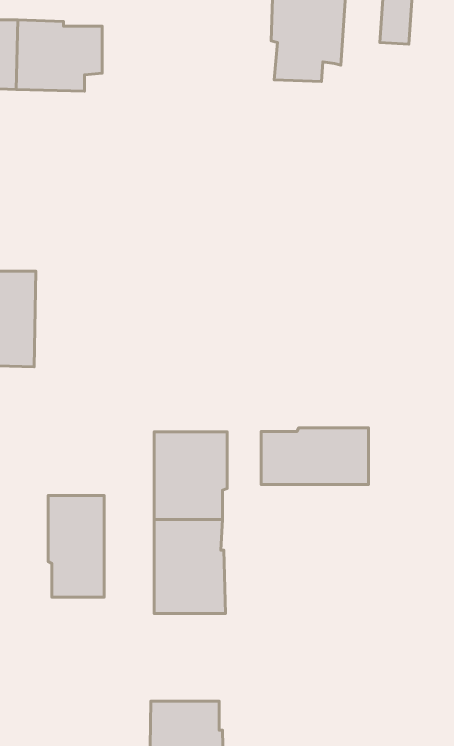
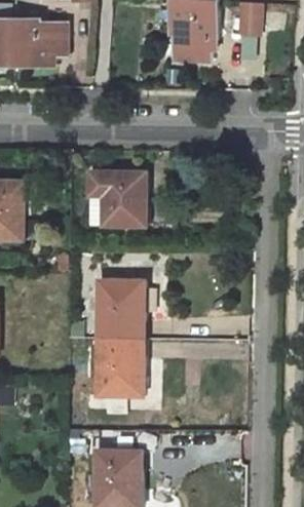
building: none -> [87,171,148,227]
building: [261,428,368,485] -> none
building: [48,496,104,597] -> none

